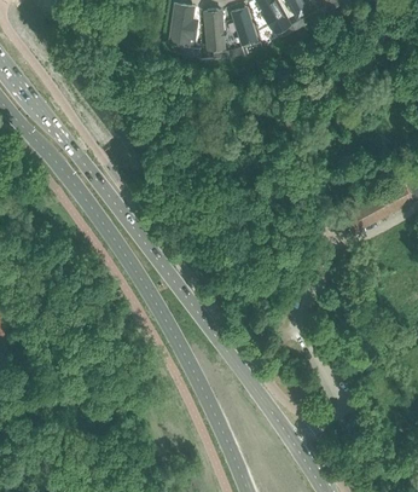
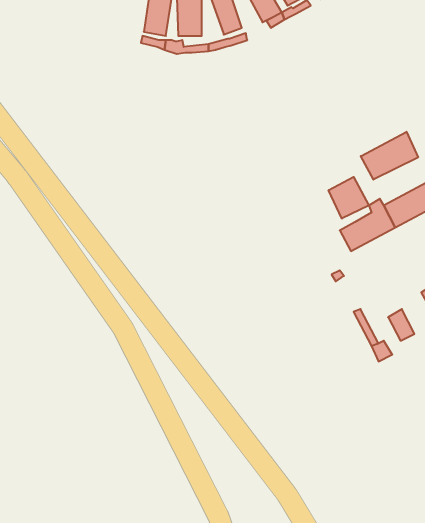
building: none -> [361,132,418,180]
building: none -> [329,177,369,219]

